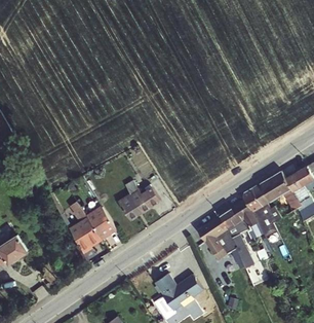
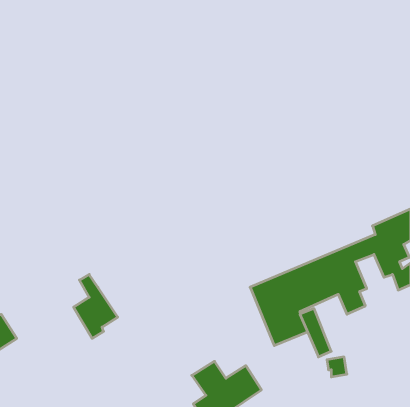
building: [117,181,159,220] -> none
building: [86,207,114,238] -> none

